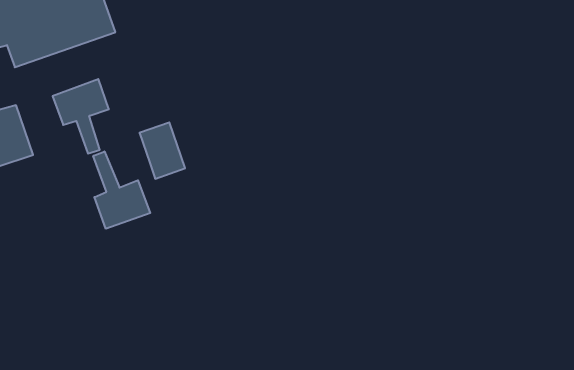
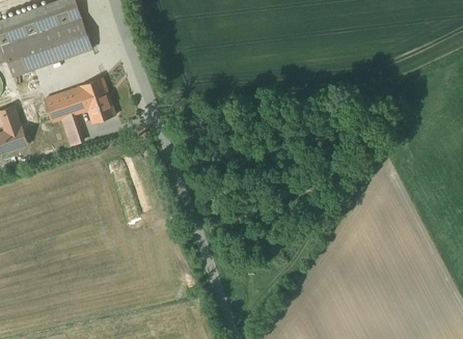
building: [139,122,185,179] -> [79,78,115,122]
building: [93,151,150,229] -> none

